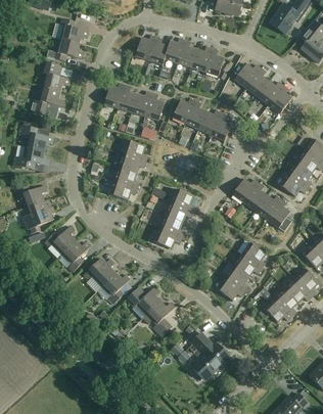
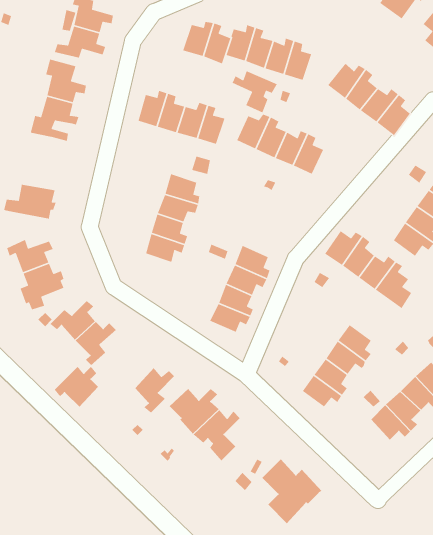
building: none -> [232,70,278,114]
building: [18,125,53,150] -> none
building: [85,258,116,286] -> [54,366,99,408]

